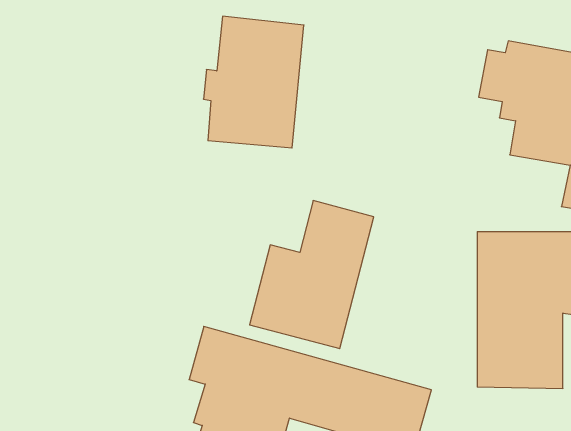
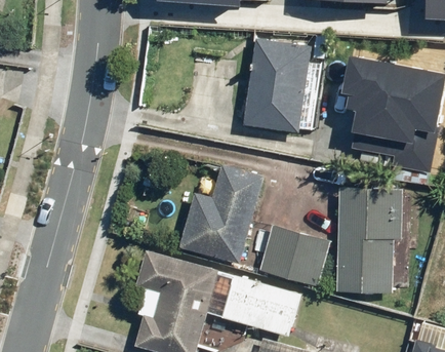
building: [203,16,304,148] -> [242,39,312,130]
building: none -> [258,224,330,286]

